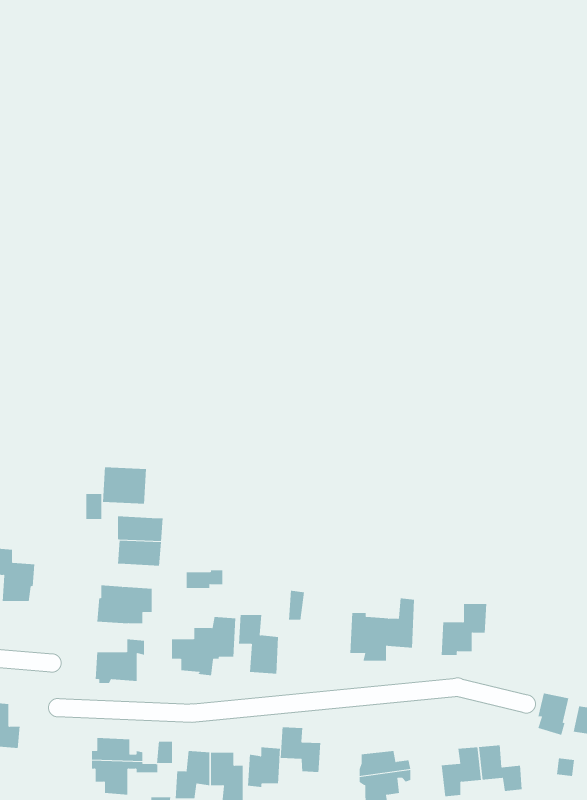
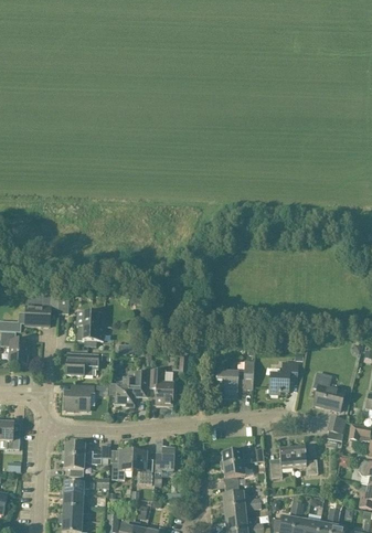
building: [102,467,147,504] -> [24,305,51,327]
building: none -> [313,375,344,411]
building: [280,727,321,773] -> none

